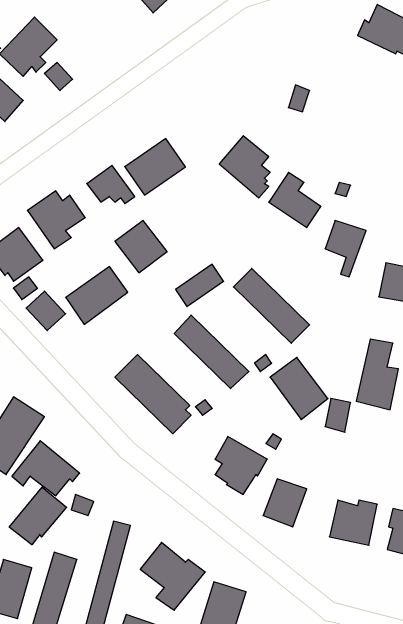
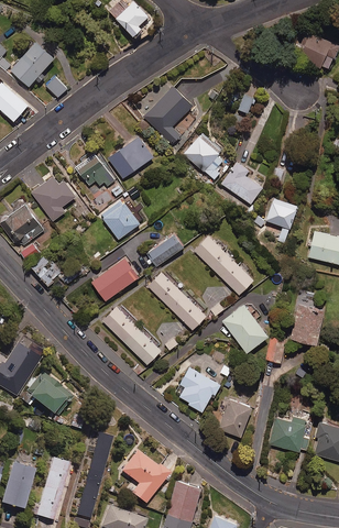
building: none -> [142,87,192,144]
building: [66,267,128,324] -> [91,255,140,300]
building: [9,487,67,545] -> none

